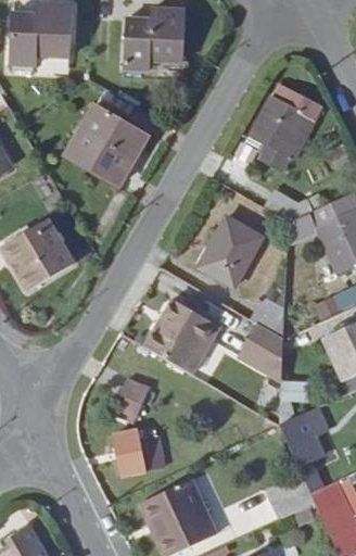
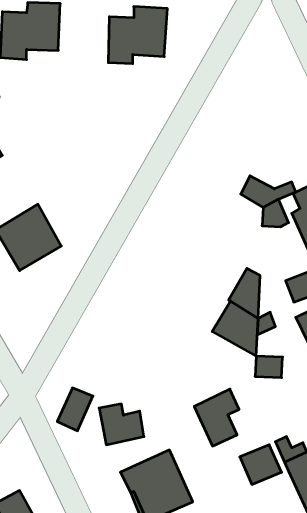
building: [253,98,322,157] -> none
building: [66,105,148,186] -> none
building: [199,216,264,287] -> none
building: [144,298,211,367] -> none
building: [110,376,148,421] -> [57,388,93,431]
building: [281,406,329,467] -> [194,389,239,446]

